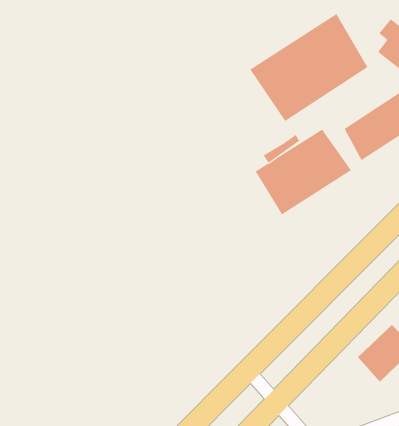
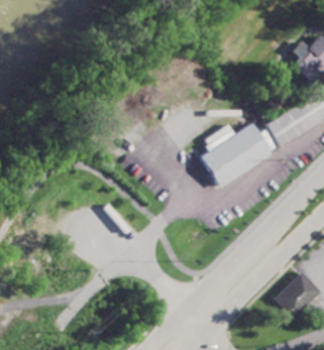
building: [250,13,368,122] -> none

